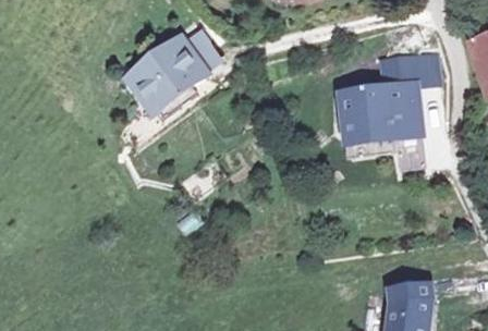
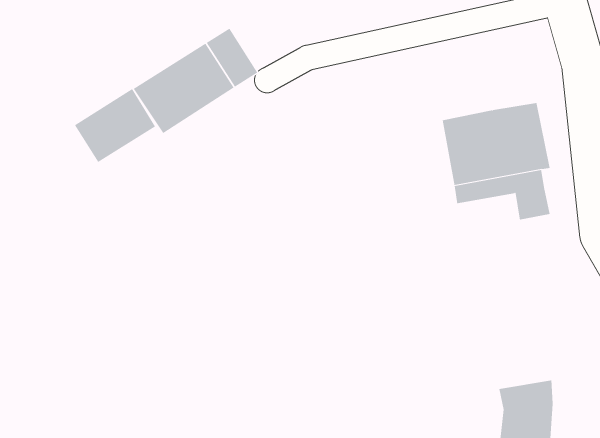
building: [380,58,441,89] -> none
building: none -> [74,88,156,163]

